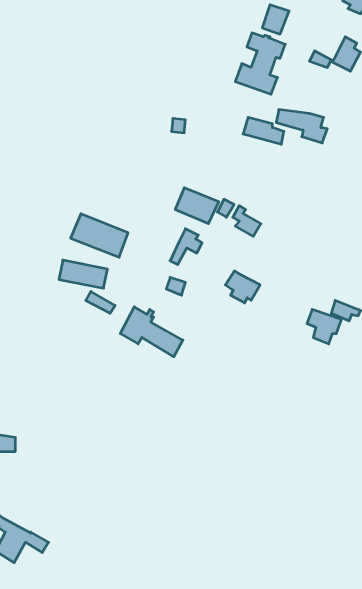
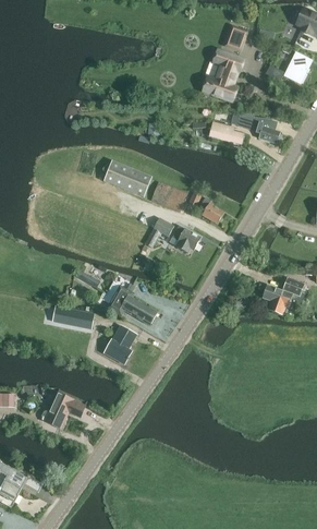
building: [71,214,128,257] -> [102,160,151,197]
building: [59,260,107,288] -> [52,305,94,329]
building: [225,271,260,303] -> [171,226,200,253]
building: none -> [105,326,135,364]
building: none -> [40,393,85,429]

